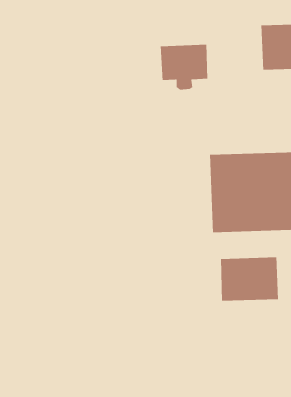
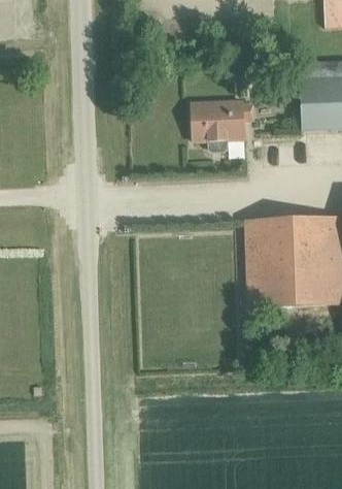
building: [220,257,279,302] -> none

